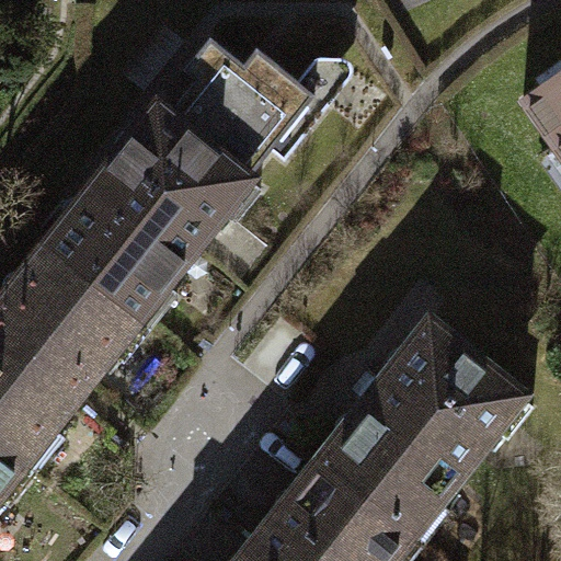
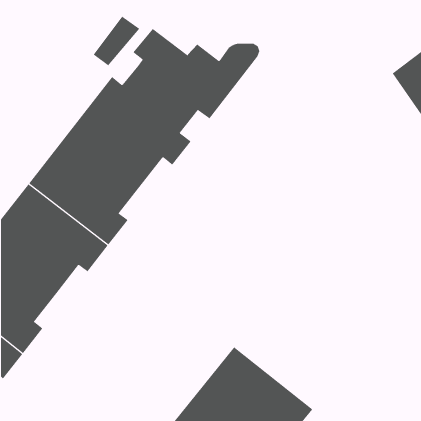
building: [312,319,528,545] -> none

